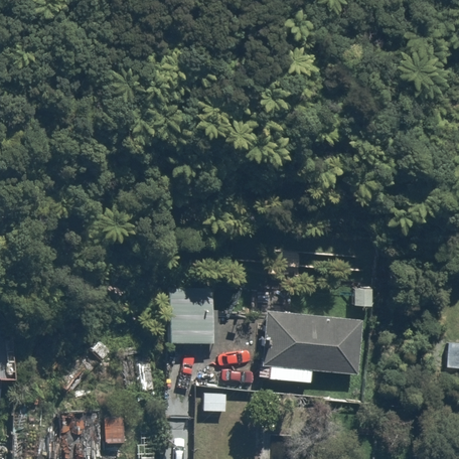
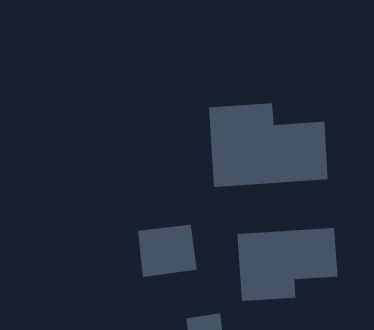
building: none -> [209,103,328,188]

